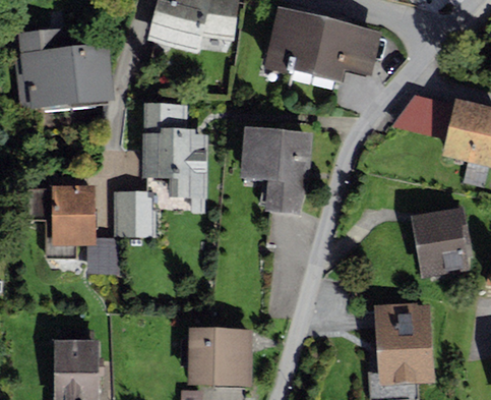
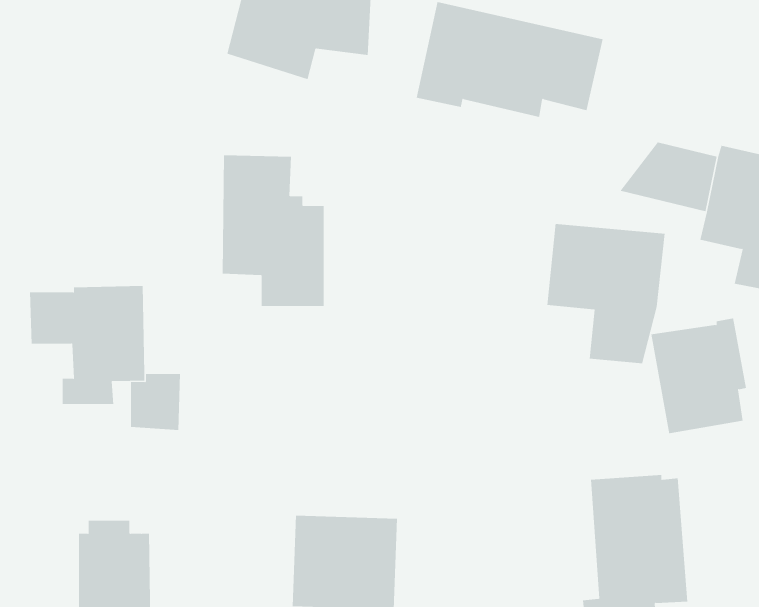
building: [18,28,114,109] -> none
building: [239,126,313,214] -> [547,224,666,364]
building: [113,191,152,237] -> none

